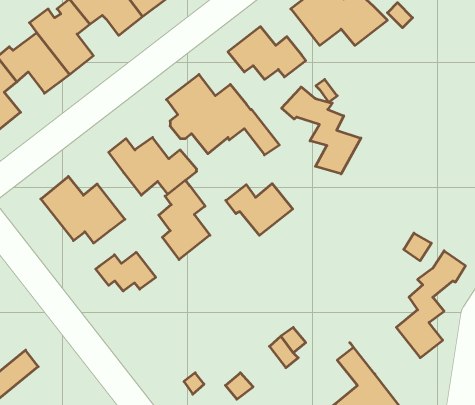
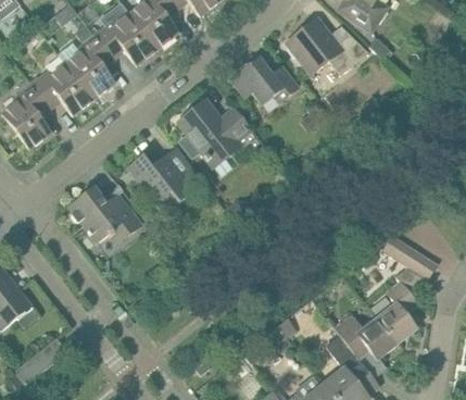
building: [282,87,361,174] -> none
building: [159,180,210,260] -> none
building: [226,184,293,235] -> none
building: [96,252,156,291] -> none
building: none -> [332,312,396,360]

